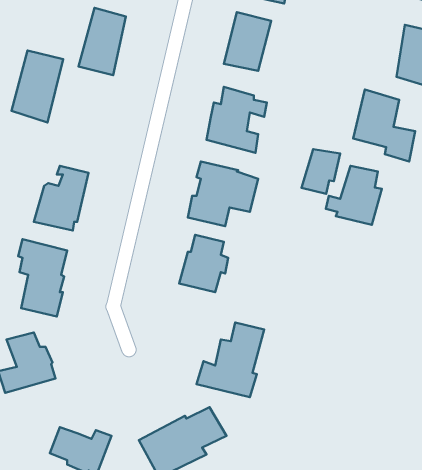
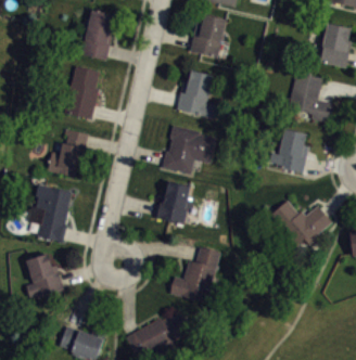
building: [12,51,63,122] -> [64,66,103,120]
building: [302,149,340,194] -> none
building: none -> [272,201,332,245]

